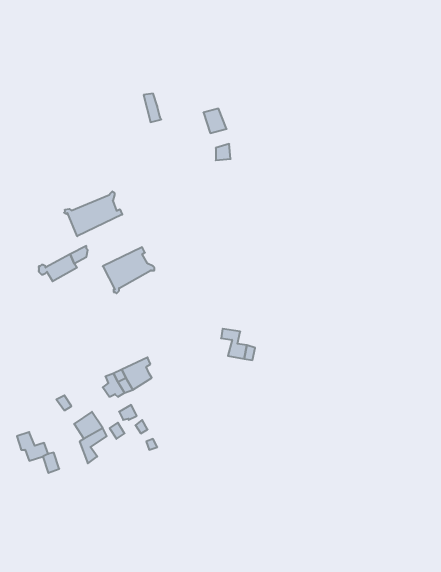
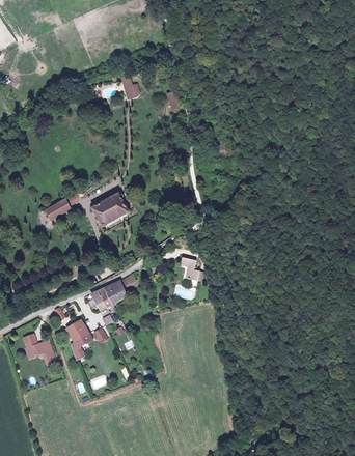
building: [64,191,122,236] -> none

